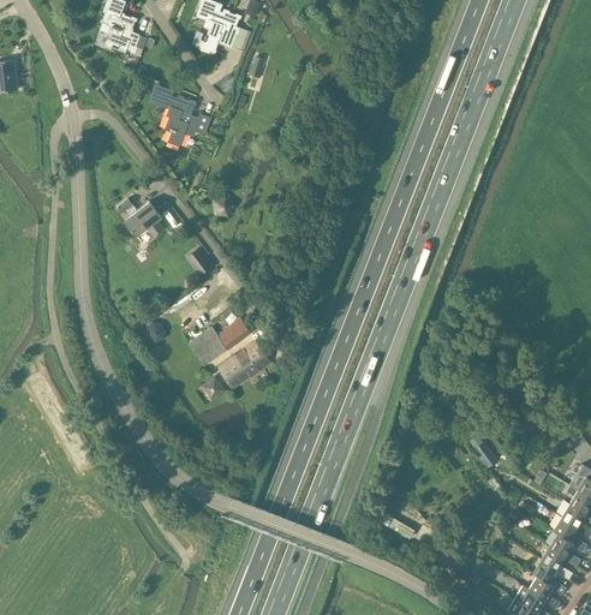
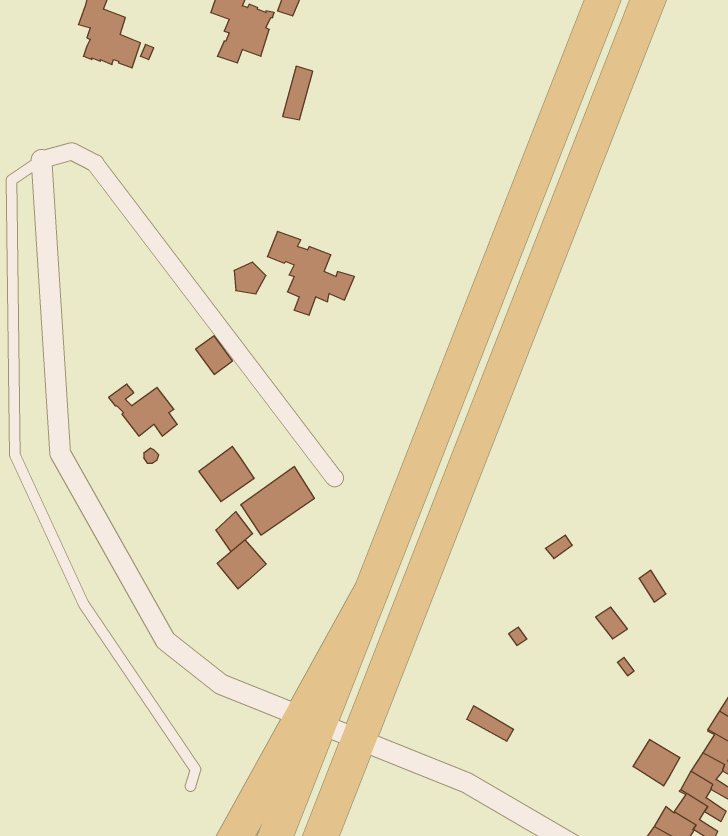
building: [150,84,213,144] -> [267,231,354,315]
building: [115,198,165,235] -> [109,384,177,436]
building: [219,317,252,348] -> none
building: none -> [217,540,266,589]
building: none -> [633,739,680,786]

